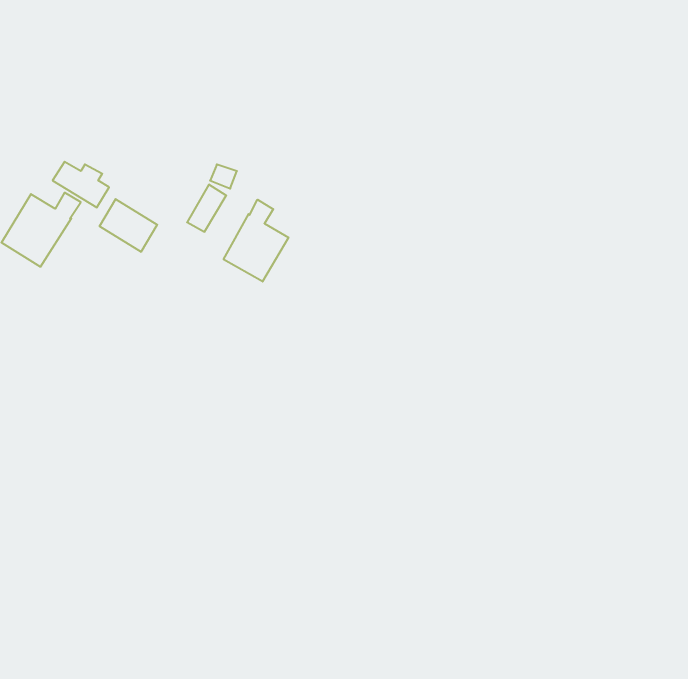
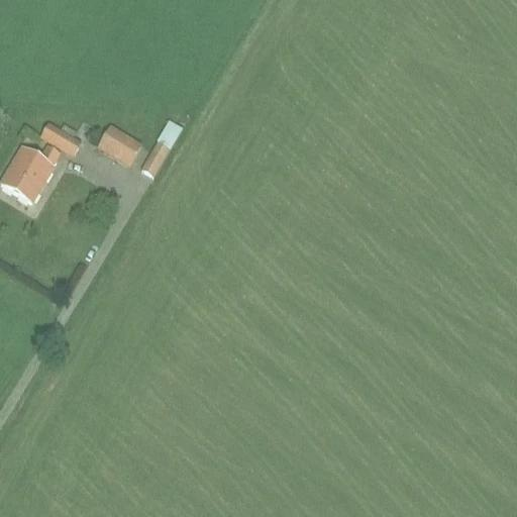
building: [99,199,157,252] -> [98,125,141,165]
building: [224,200,288,282] -> none

